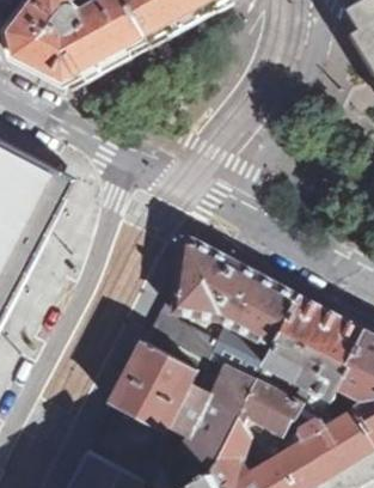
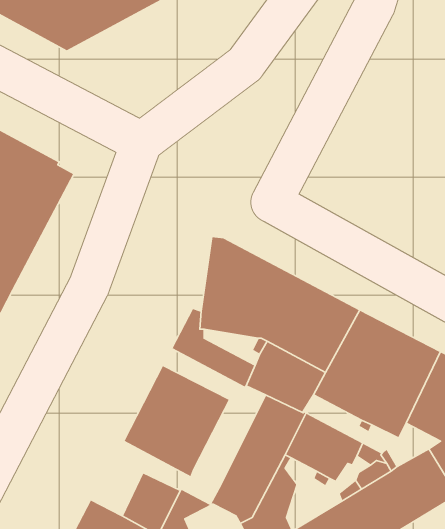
building: [167,385,209,437] -> none

